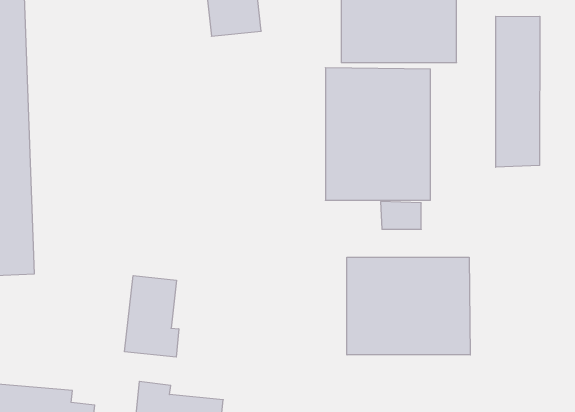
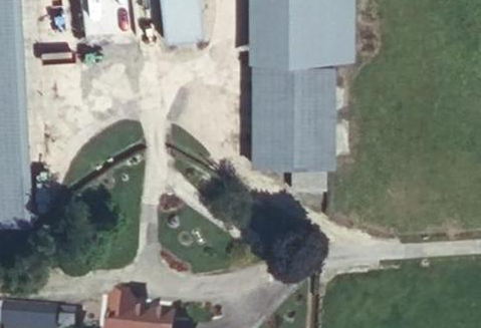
building: [496,16,540,167] -> none
building: [347,257,470,355] -> none
building: [125,276,179,357] -> none

